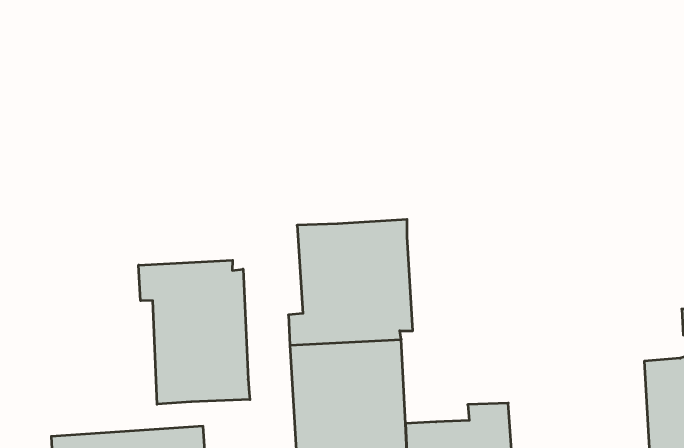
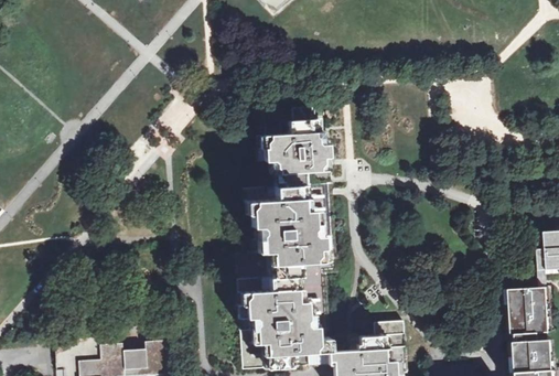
building: none -> [257,110,330,189]
building: [139,260,250,404] -> none

